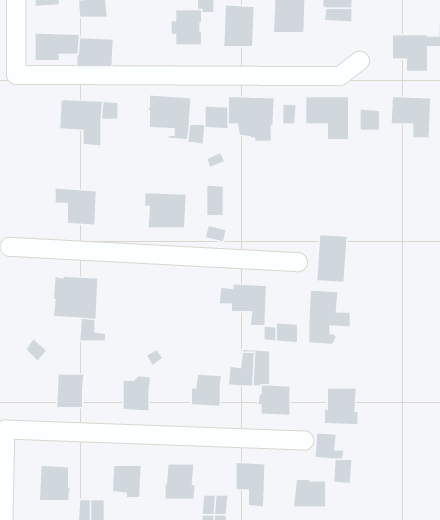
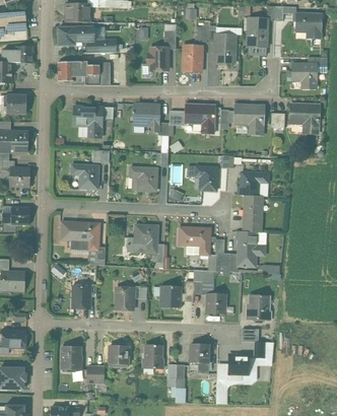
building: none -> [195,165,217,190]
building: none -> [241,170,268,195]
building: none -> [127,223,157,252]

